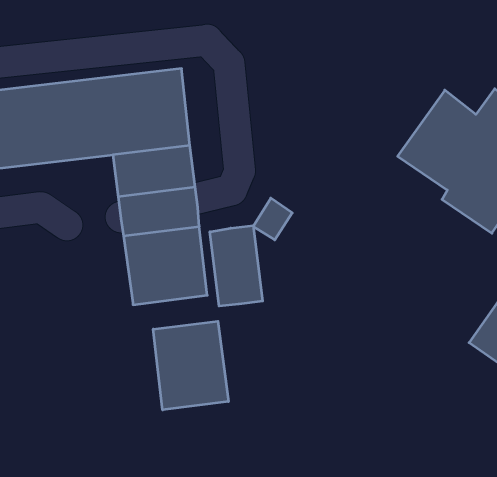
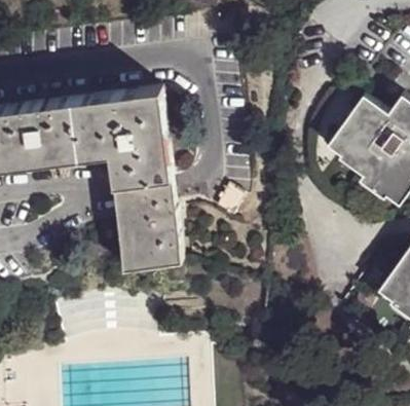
building: [210,226,263,306] -> none
building: [153,321,228,410] -> none

